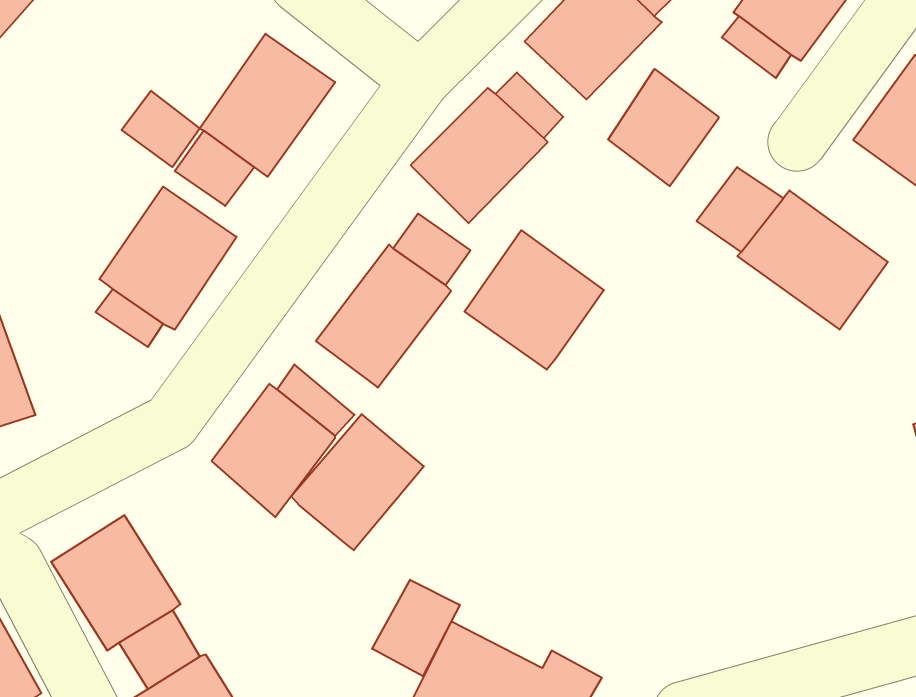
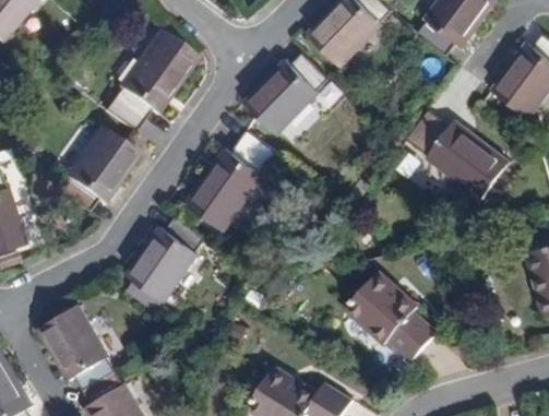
building: [608,69,719,186] -> none
building: [122,91,200,167] -> none
building: [464,230,604,370] -> none
building: [291,414,424,550] -> none
building: none -> [345,273,434,359]
building: [372,580,460,676] -> none

